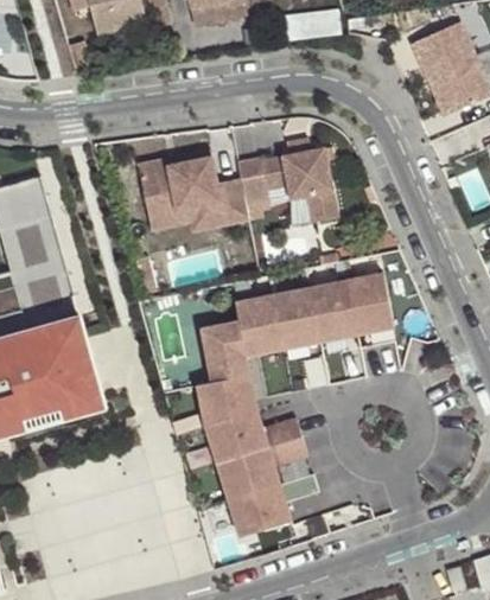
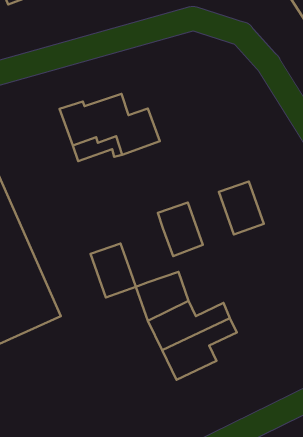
building: [236,148,337,222] -> none
building: [345,273,393,333] -> none
building: [271,288,319,347] -> none
building: [201,321,248,382] -> [90,243,136,297]
building: [228,474,318,537] -> none

